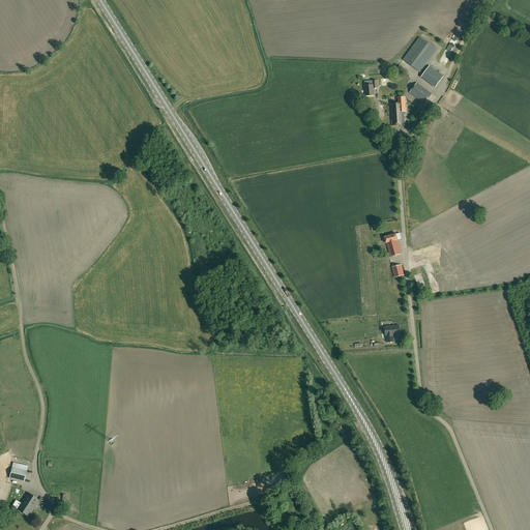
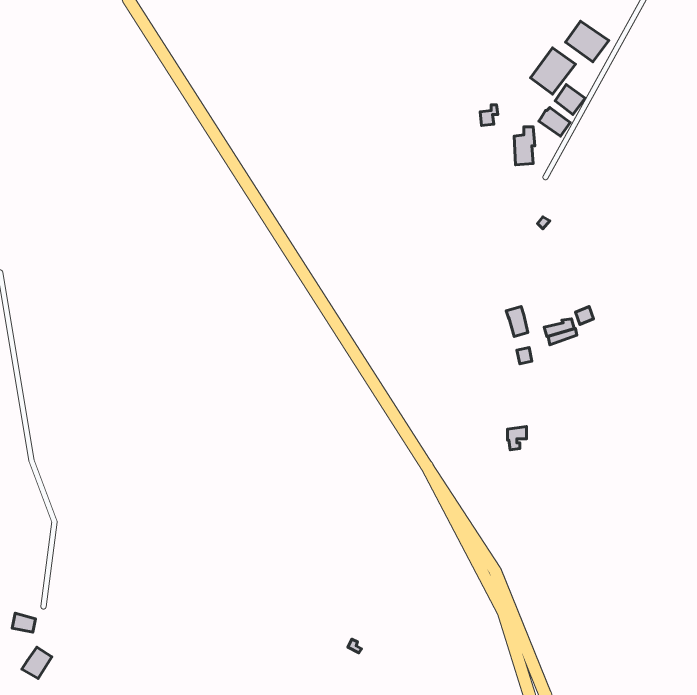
building: none -> [566,21,609,62]

